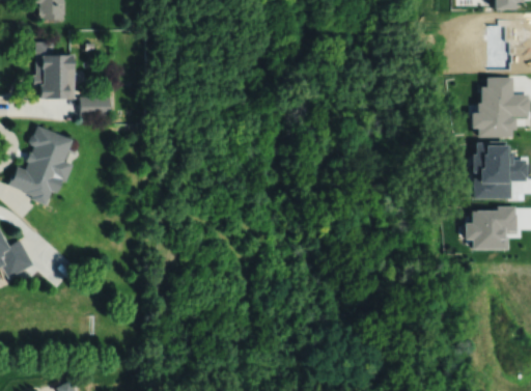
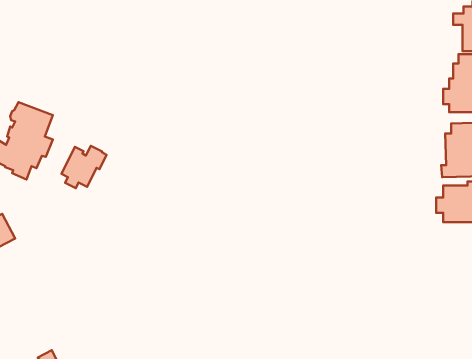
building: [32,41,75,100] -> none
building: [81,96,111,116] -> none
building: none -> [61,146,107,188]

